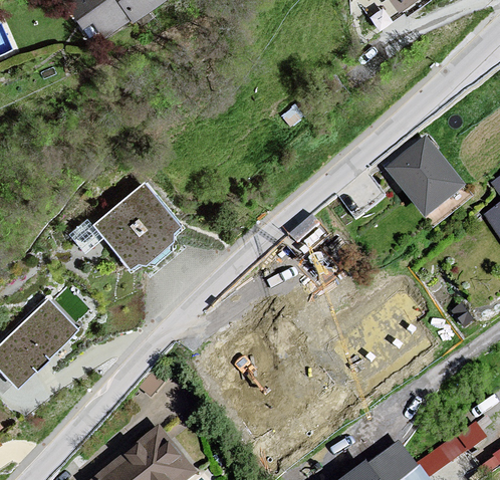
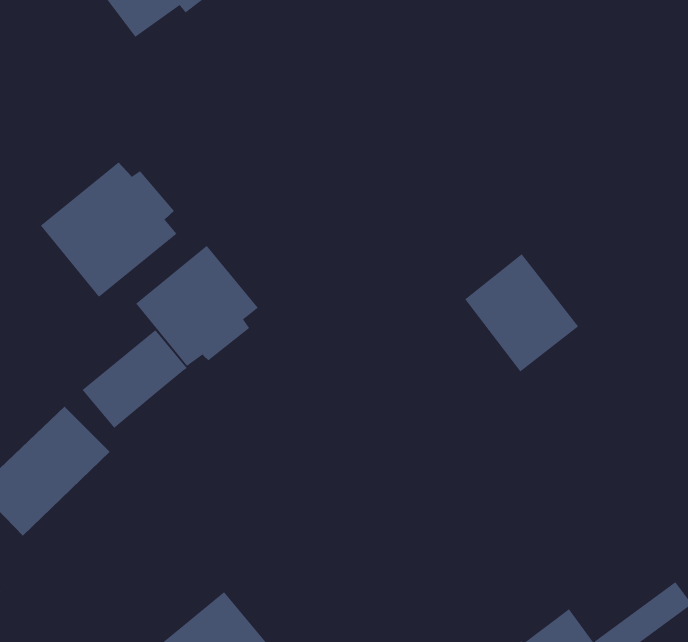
building: none -> [40,161,177,298]
building: [385,134,465,217] -> [464,253,579,372]
building: none -> [82,329,188,429]

